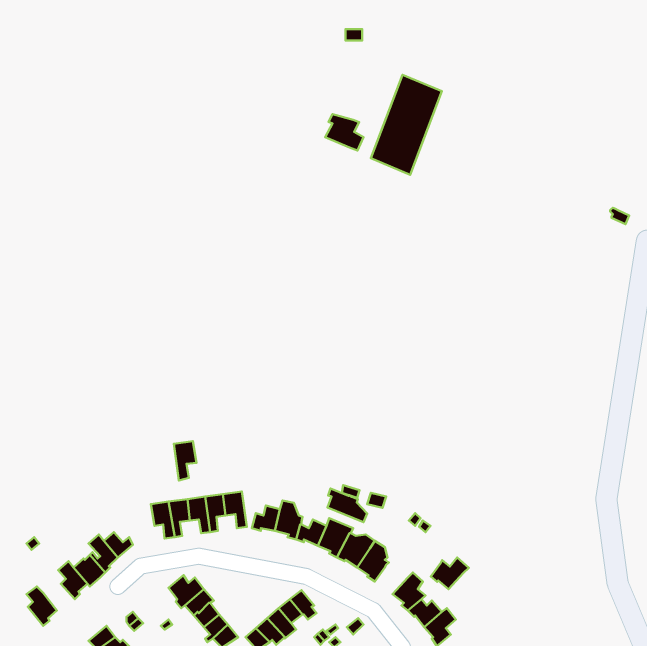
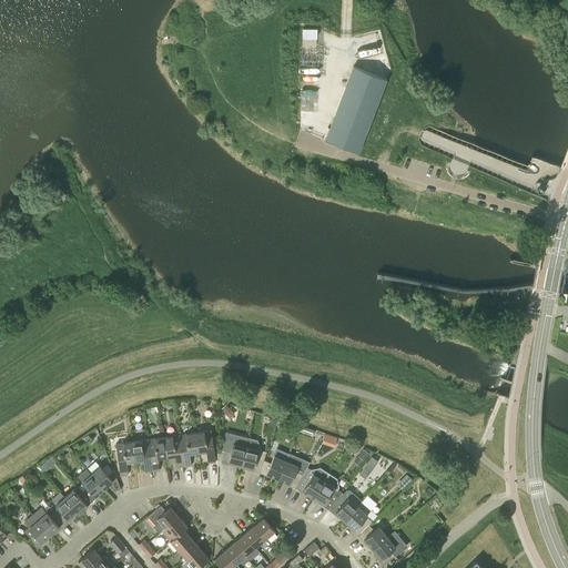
building: [325,114,364,150] -> none
building: [174,441,197,480] -> [115,443,135,477]
building: [328,489,367,522] -> none
building: [431,558,469,589] -> [328,494,362,521]
building: none -> [32,506,65,536]

